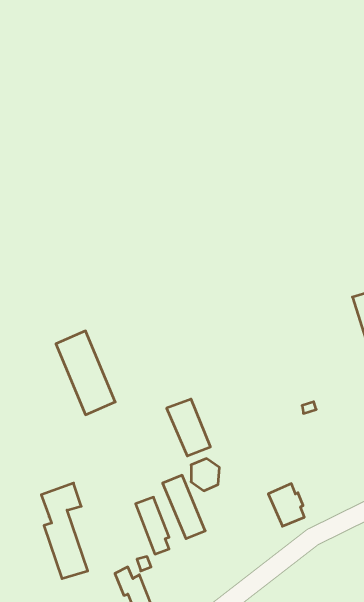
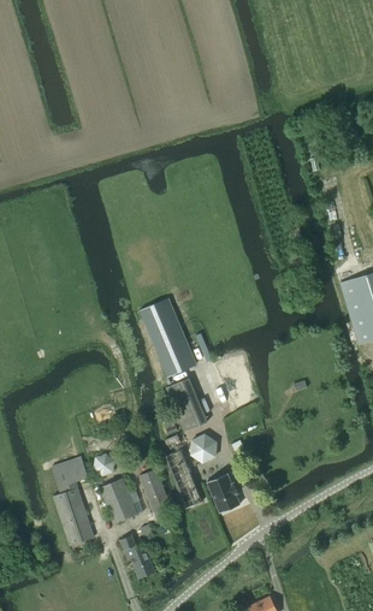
building: [56,331,115,415] -> [140,298,195,376]
building: [268,484,304,526] -> [206,473,239,512]
building: none -> [99,477,137,524]

